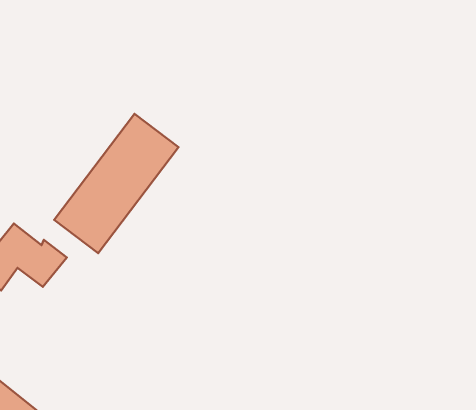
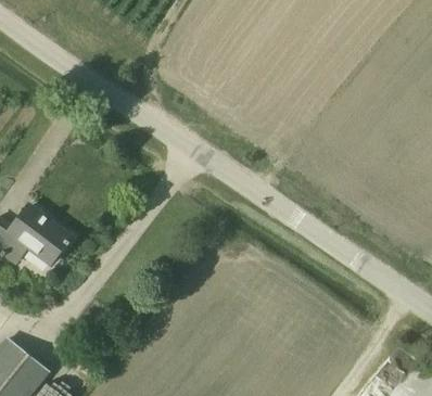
building: [54,114,178,253] -> none

